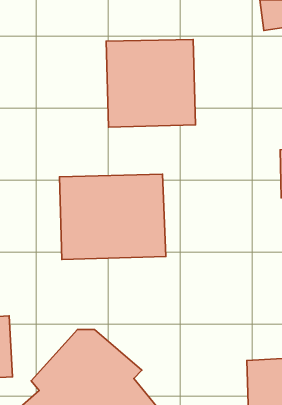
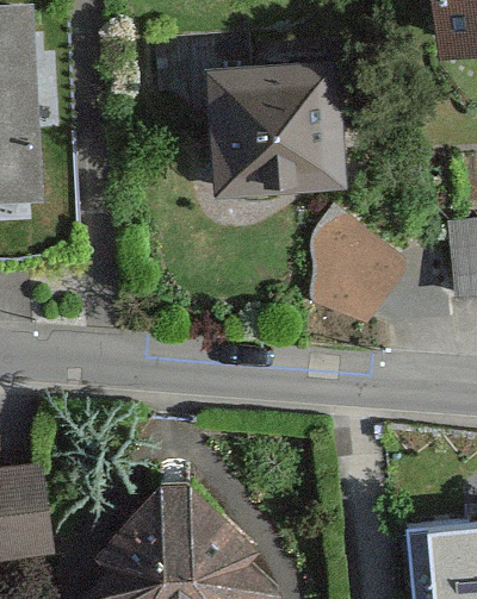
building: none -> [321,224,403,312]
building: [60,174,166,260] -> none

